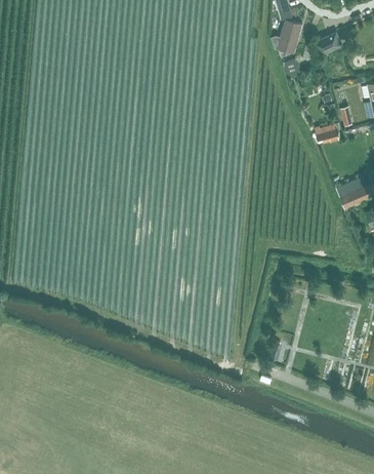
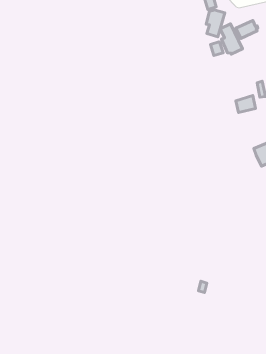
building: none -> [220,24,242,54]

